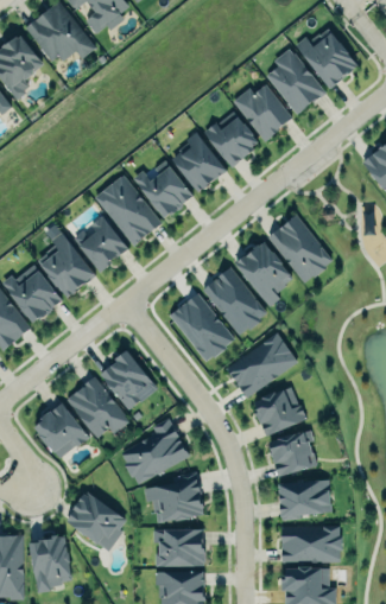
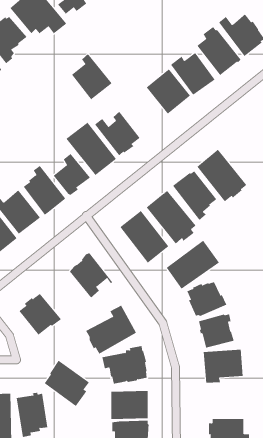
building: [172,132,227,193] -> [71,53,113,100]
building: [68,374,129,437] -> none
building: [283,523,343,561] -> none

